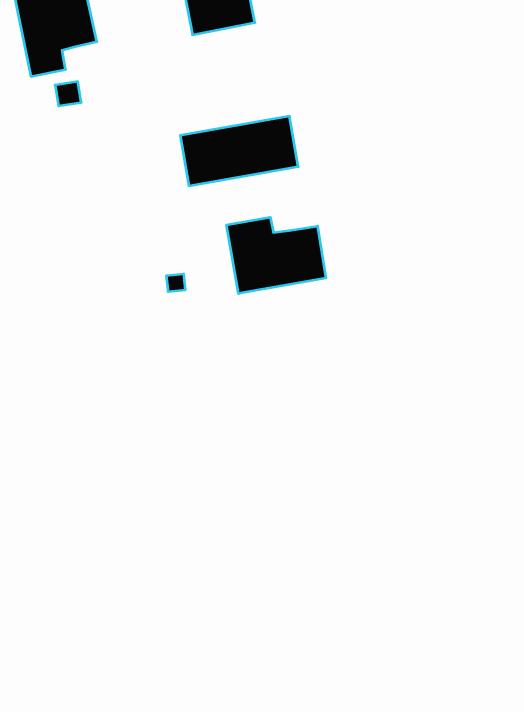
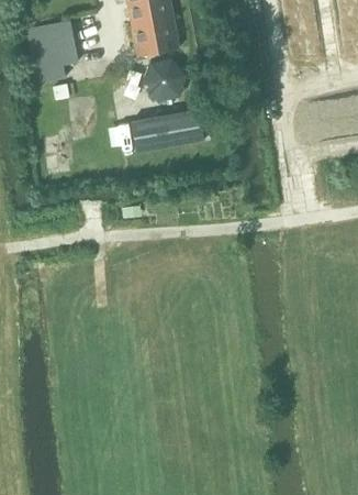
building: none -> [142,58,187,102]
building: [227,217,326,294] -> none

